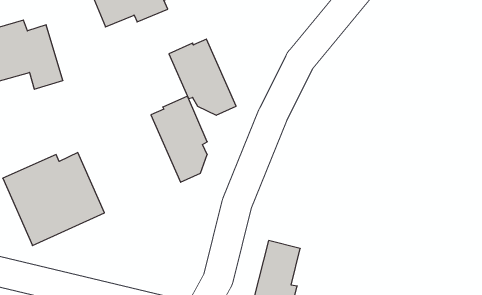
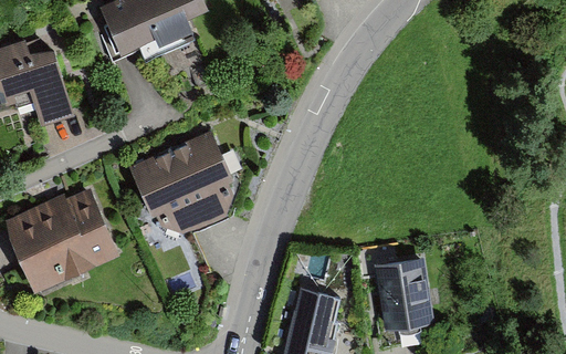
building: [169,39,236,115] -> [128,149,203,235]
building: none -> [374,257,433,331]

